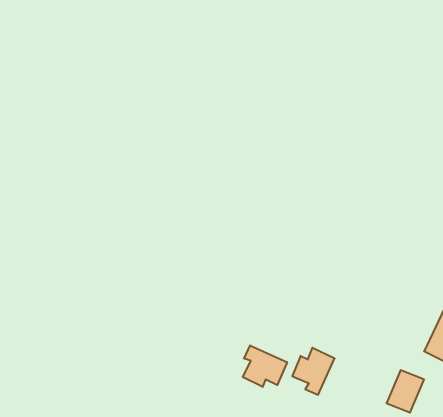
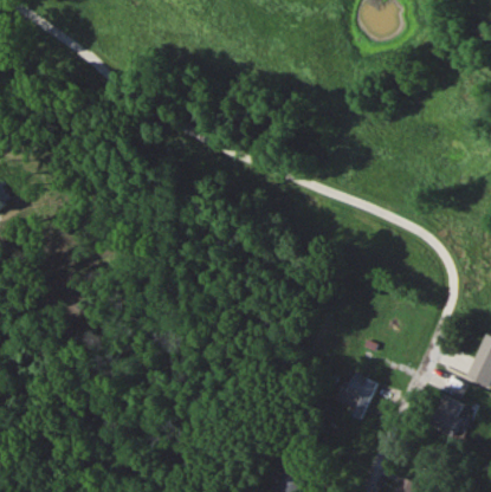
building: [243,345,287,387] -> none

